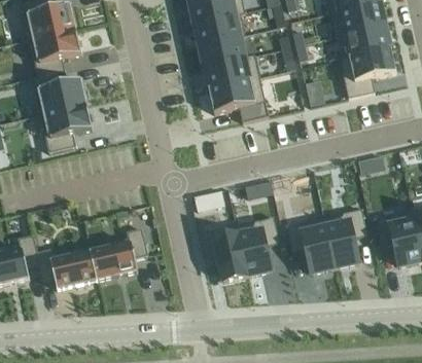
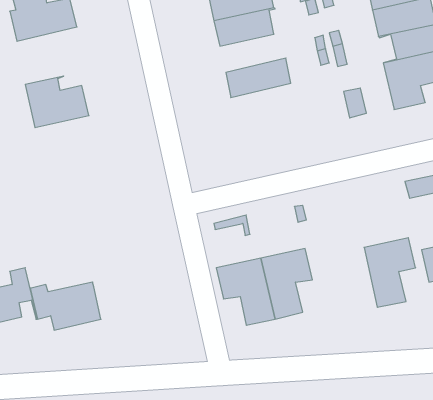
building: [25,28,81,77] -> none
building: [199,34,255,67] -> none
building: [208,76,268,120] -> none
building: [40,104,92,151] -> none
building: [284,217,333,275] -> none
building: [90,228,147,279] -> none

